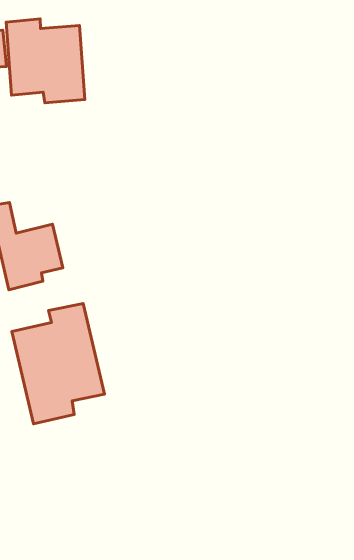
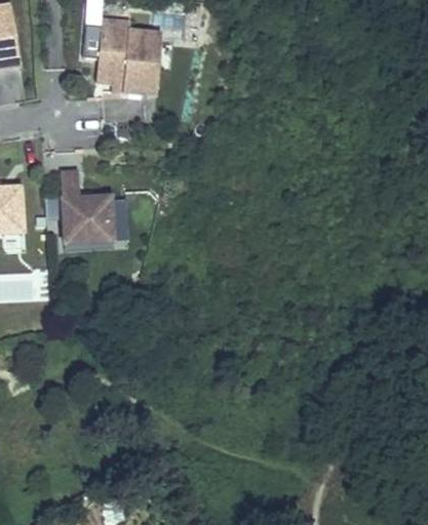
building: [12,304,104,424] -> none

